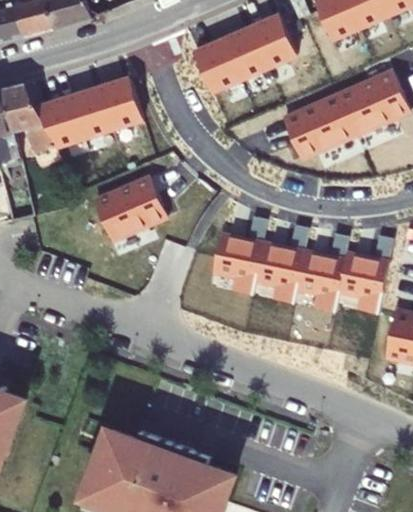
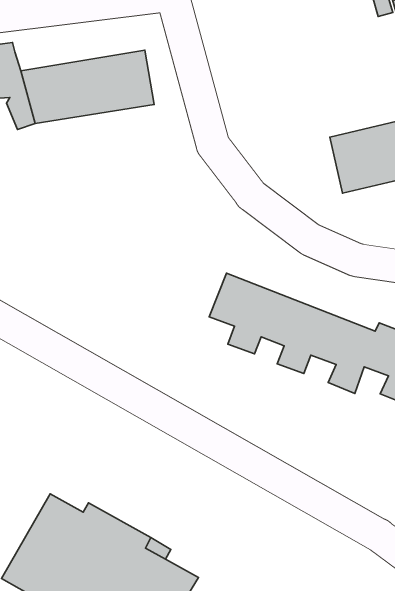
building: [193,15,296,91] -> none
building: [93,176,164,241] -> none

